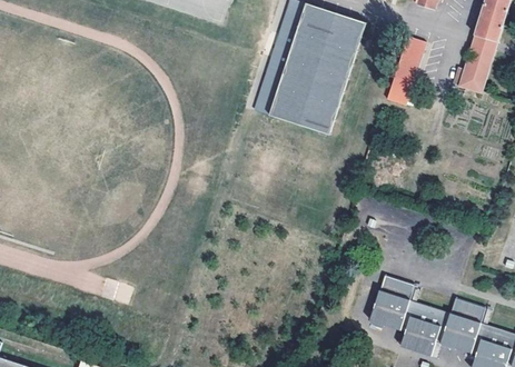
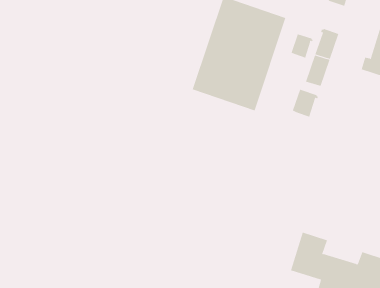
building: none -> [291,33,313,58]
building: none -> [292,89,319,117]

